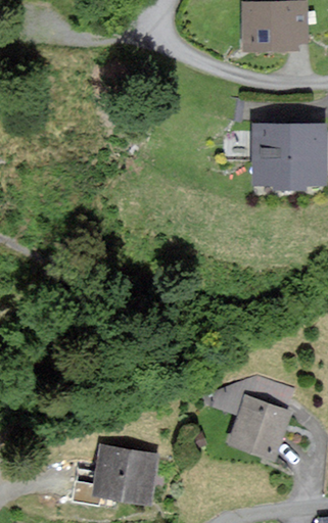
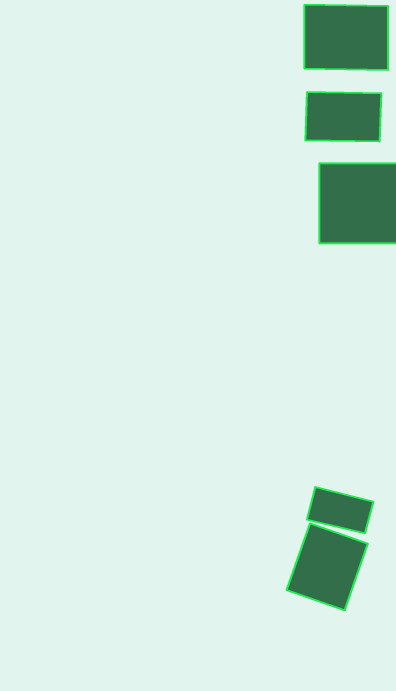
building: none -> [306,92,381,142]
building: [90,444,158,502] -> none

